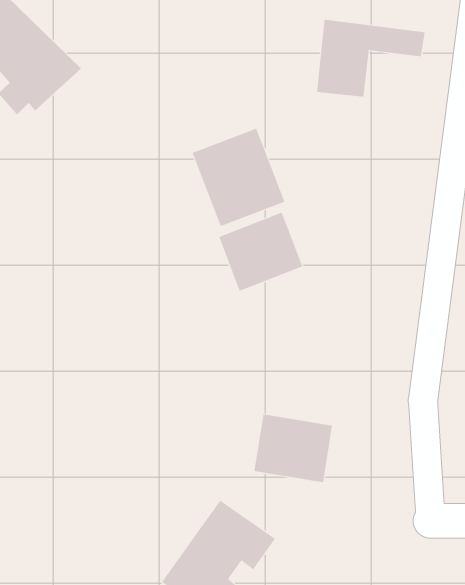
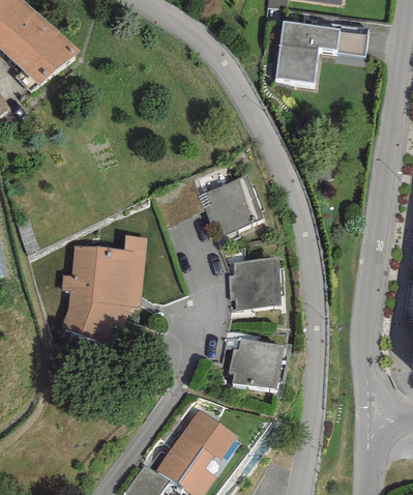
building: [192,128,285,227] -> none
building: none -> [56,232,147,345]
building: none -> [227,260,283,311]

